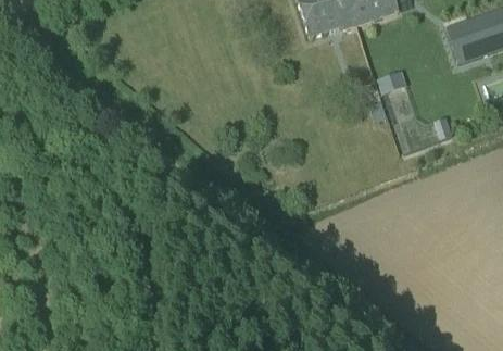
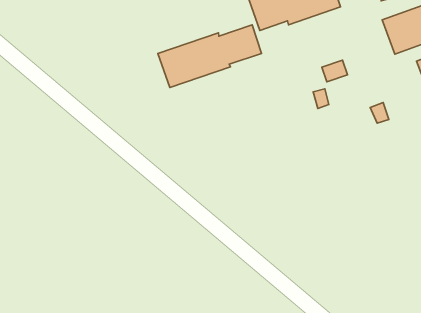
building: none -> [158,25,261,88]

